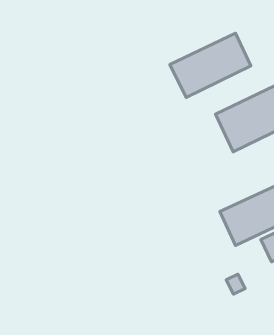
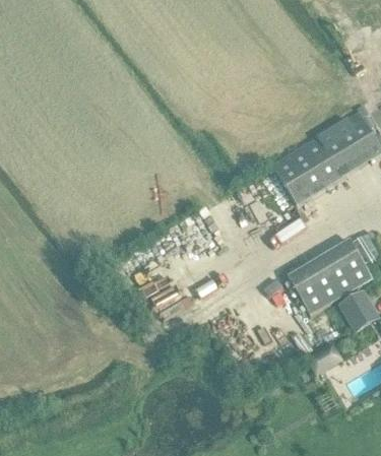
building: [170,33,251,97] -> none

